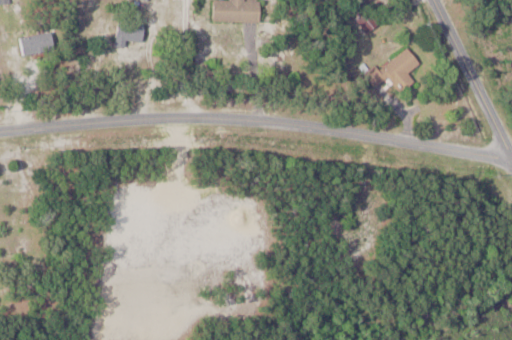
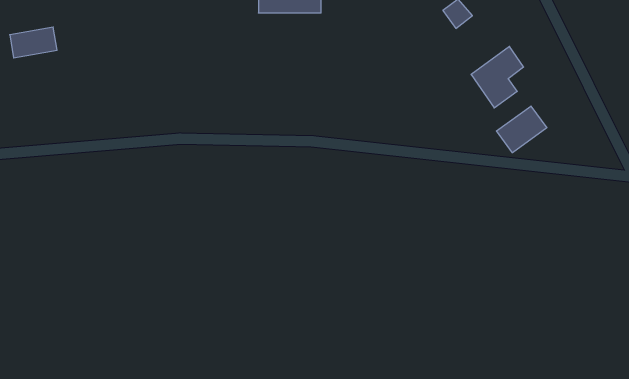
building: [115,21,143,48] -> none
building: none -> [496,106,547,153]

